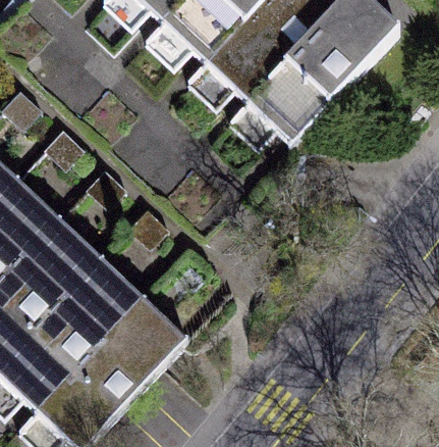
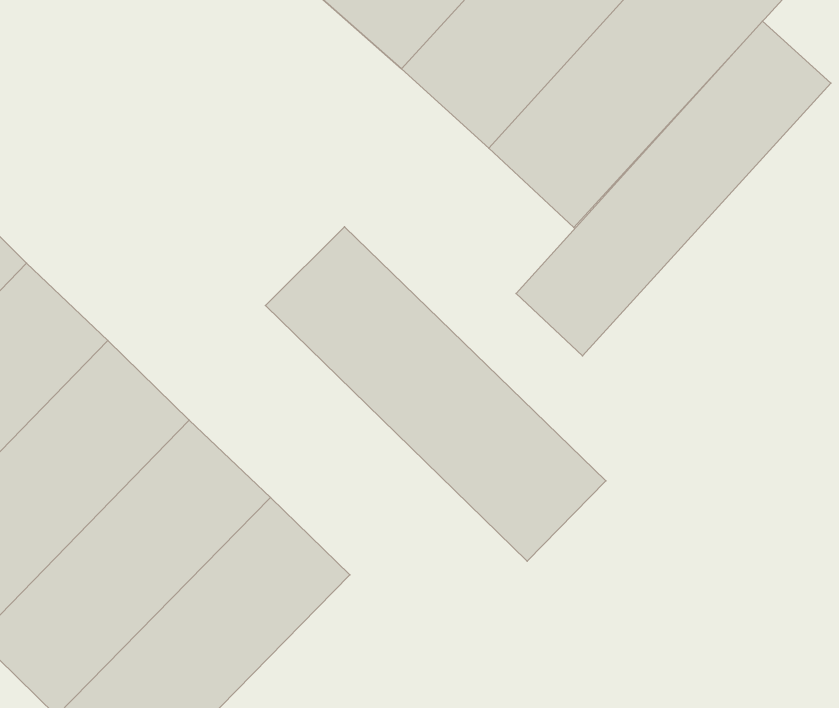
building: none -> [516,21,831,356]
building: none -> [266,227,606,561]

